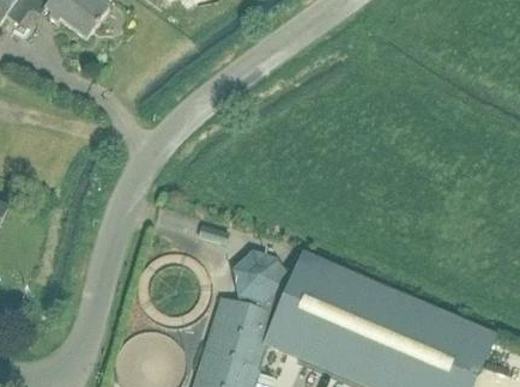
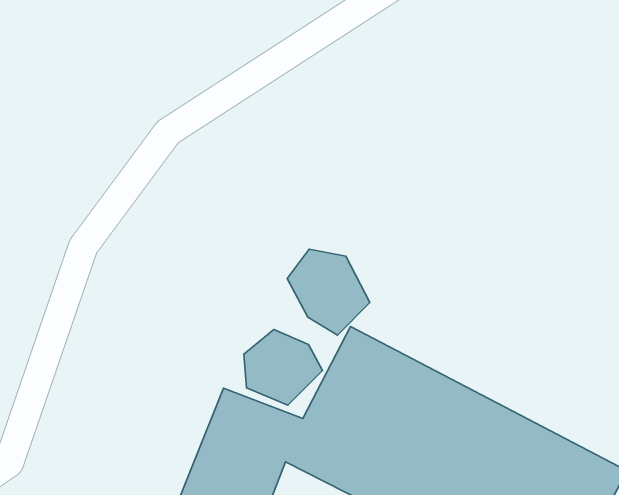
building: none -> [287,249,370,335]

